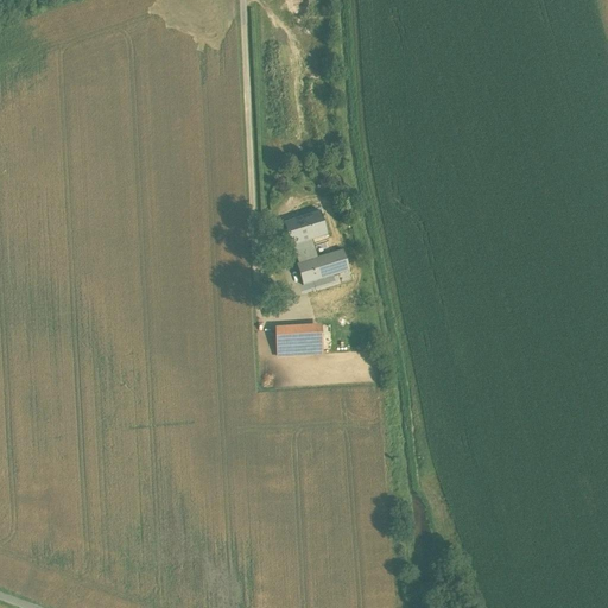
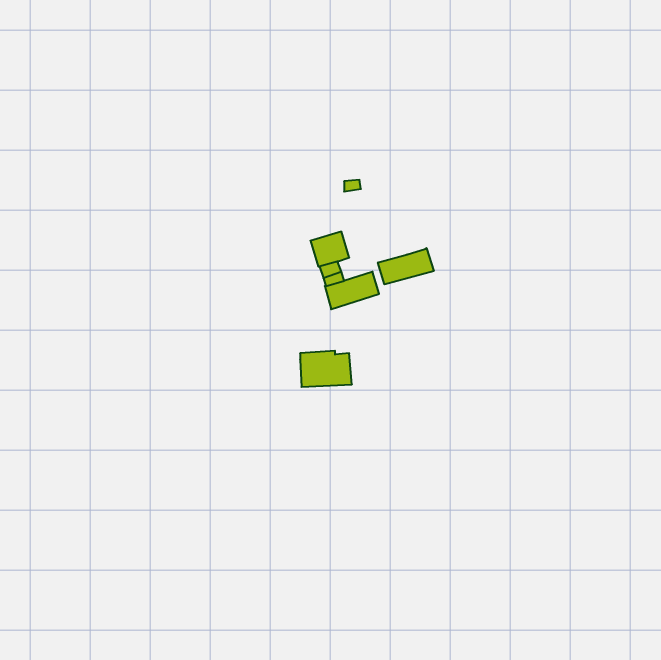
building: none -> [378,248,434,284]

